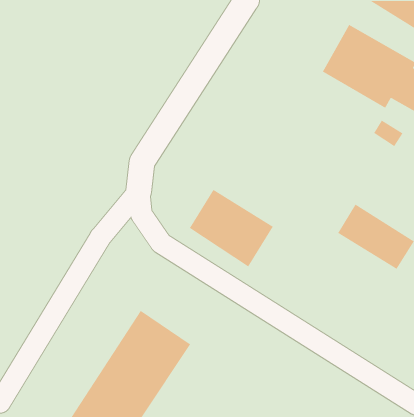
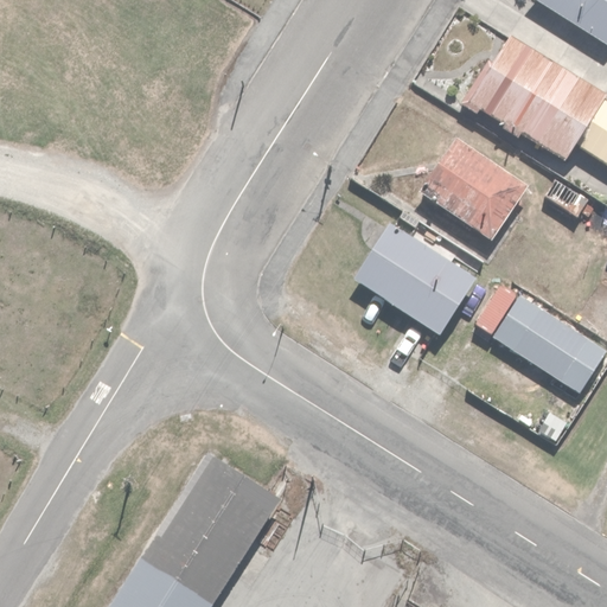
building: none -> [421,138,526,237]
building: [189,189,274,267] -> [353,221,477,334]

